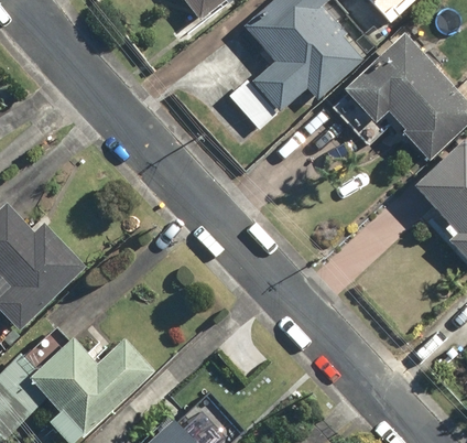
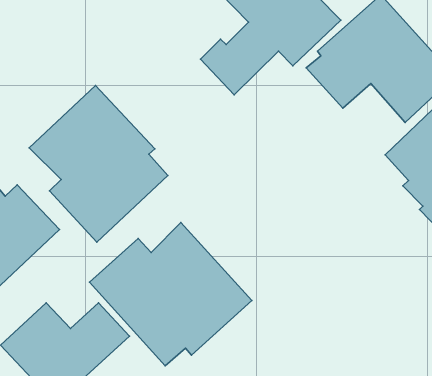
building: none -> [29,85,168,242]
building: none -> [89,223,252,366]

